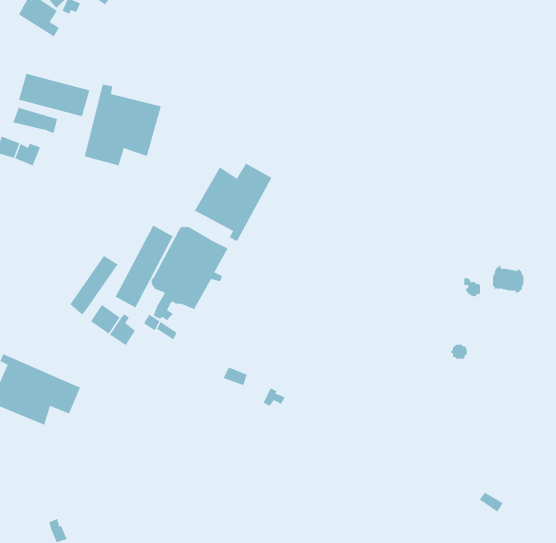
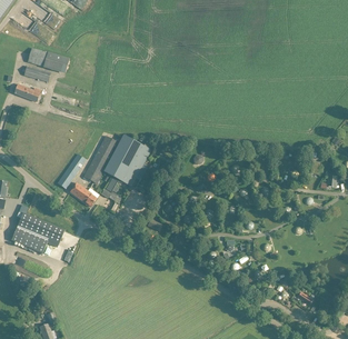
building: [84,84,161,166] -> none
building: [194,163,272,242] -> none

